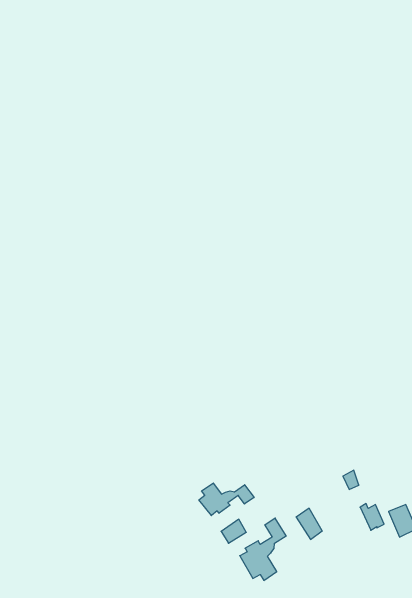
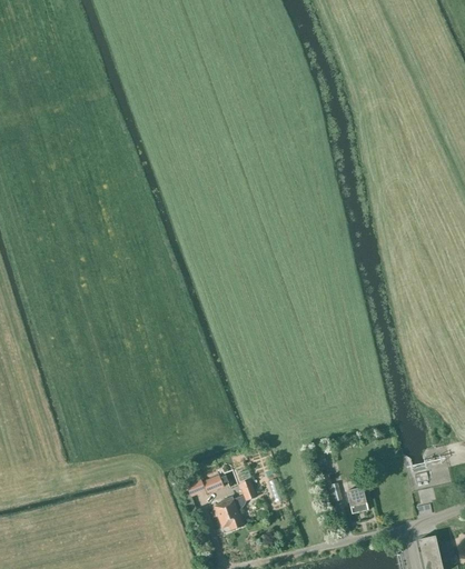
building: [199,483,254,516] -> none

